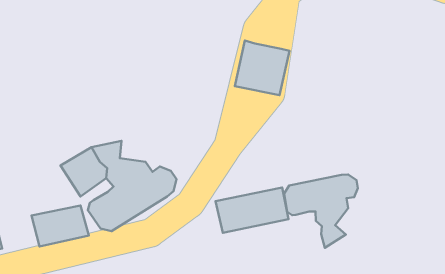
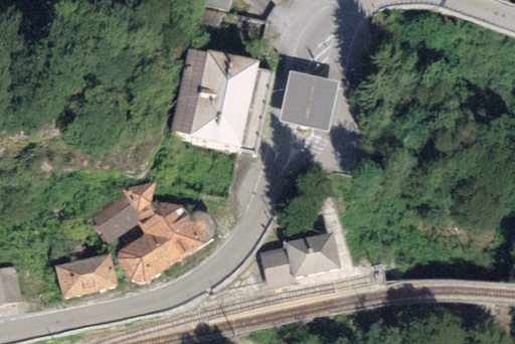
building: none -> [169,52,272,151]
building: [284,174,358,248] -> none

